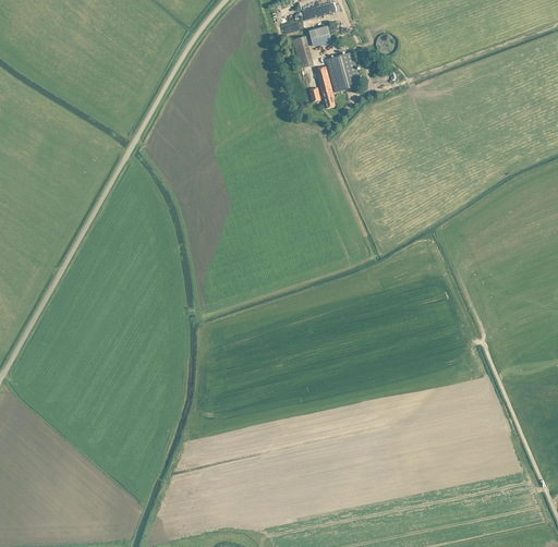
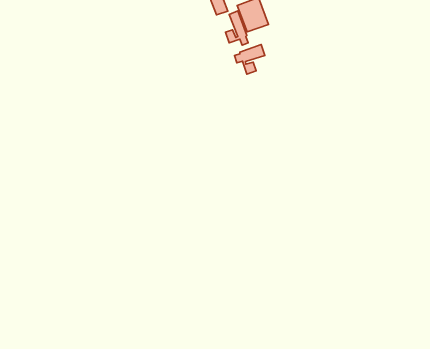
building: none -> [234,45,265,74]

